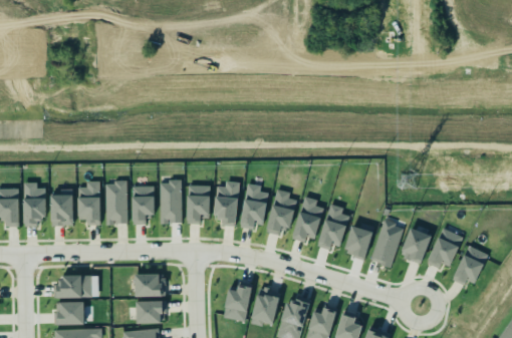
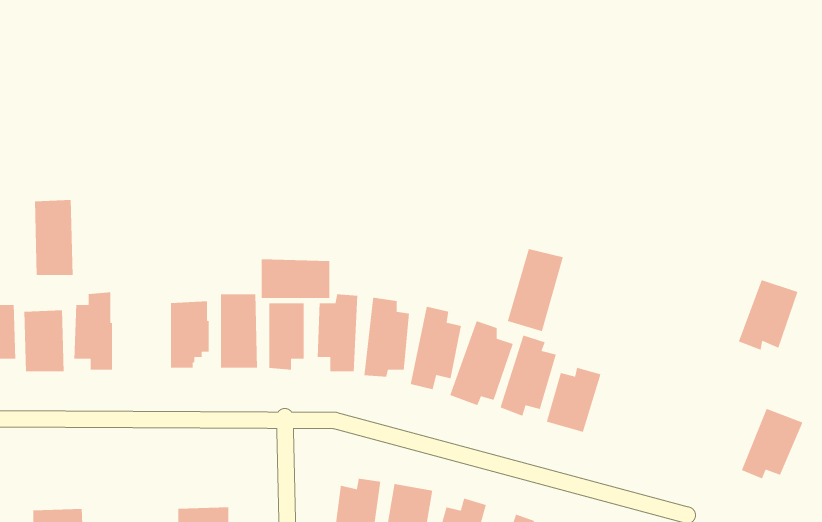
building: none -> [261,259,330,299]
building: [105,182,127,225] -> [34,199,73,276]
building: [370,221,403,268] -> [507,248,564,332]
building: [400,228,432,264] -> none
building: [428,229,462,269] -> [738,279,799,351]
building: [135,274,165,297] -> none
building: [57,276,98,298] -> none

